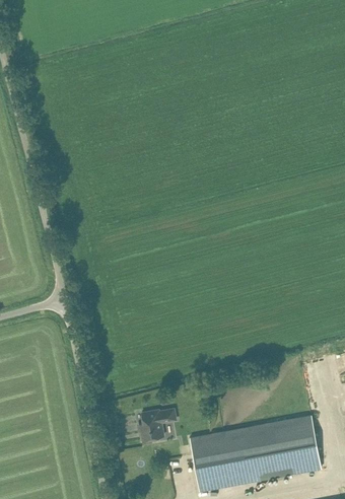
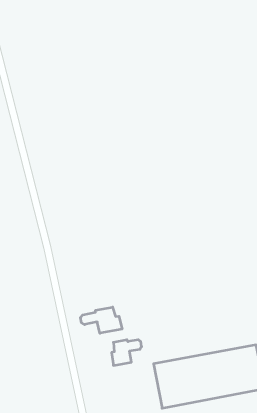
building: none -> [80,307,122,333]

